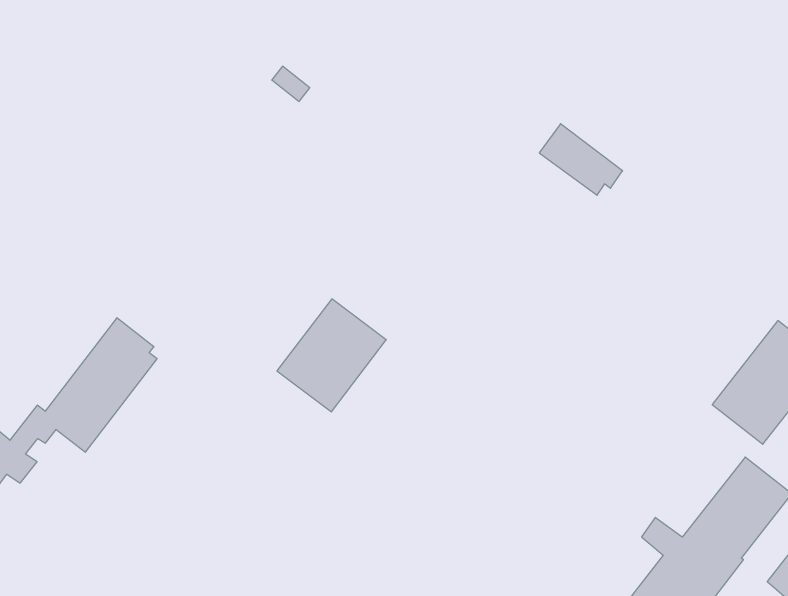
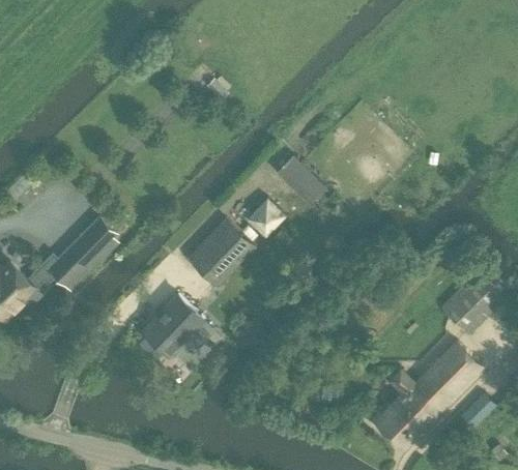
building: [539,124,623,195] -> [278,155,325,200]
building: none -> [244,198,285,239]
building: none -> [142,295,203,362]

